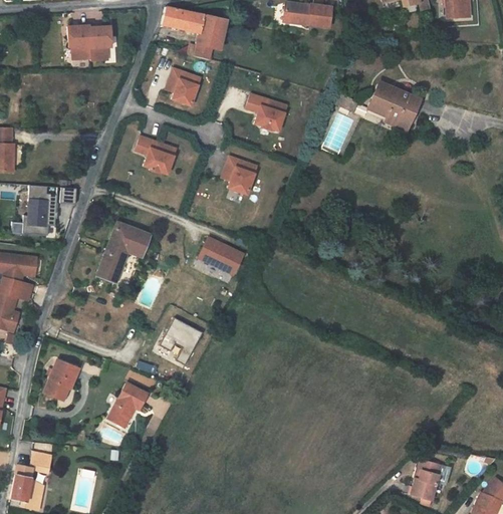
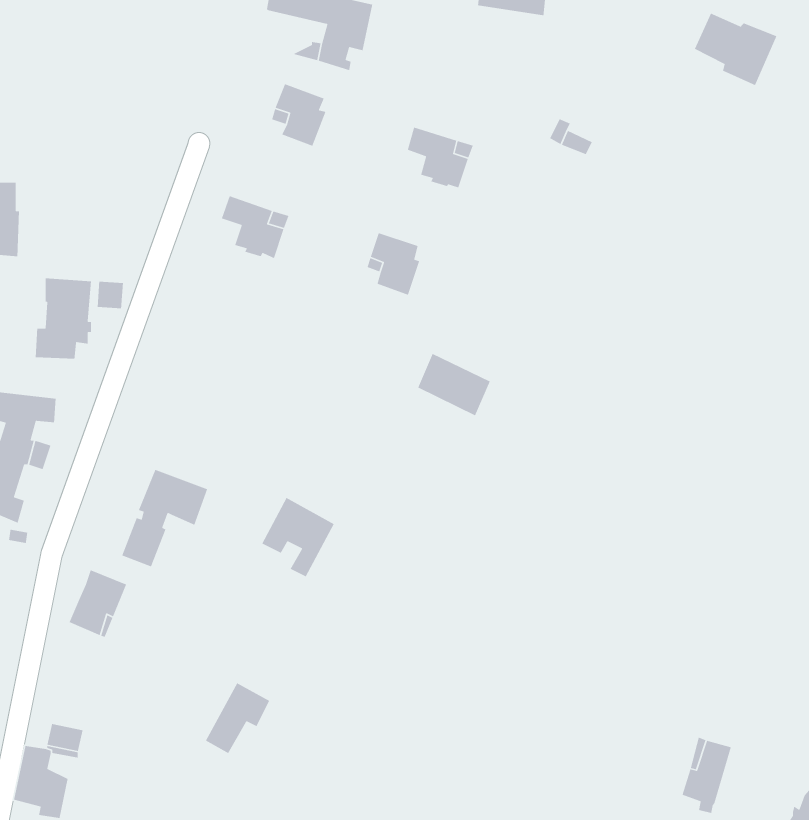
building: [67,25,109,60] -> none
building: [368,84,419,128] -> [694,12,777,86]
building: [97,222,150,281] -> [121,469,208,568]
building: [198,236,242,274] -> [417,353,491,416]
building: [107,381,147,425] -> [205,682,270,754]

